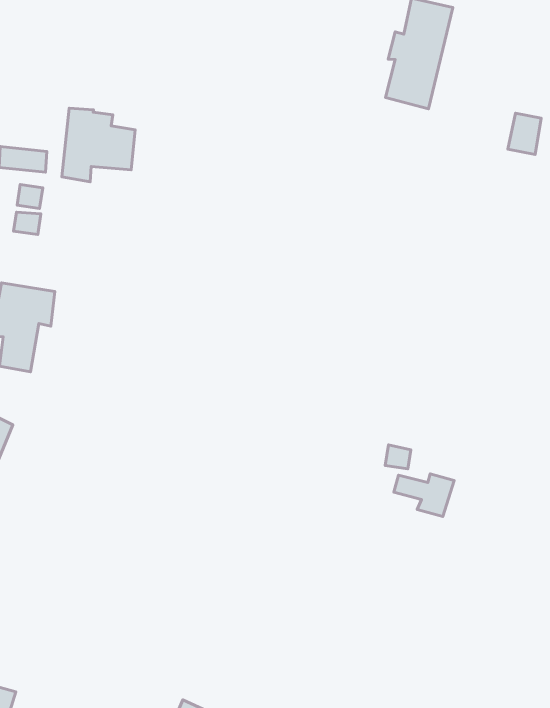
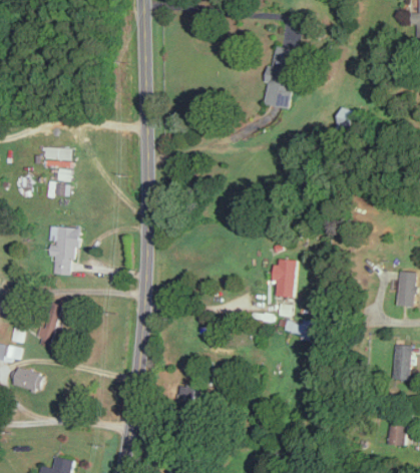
building: [62,108,135,182] -> none
building: none -> [273,260,295,298]

